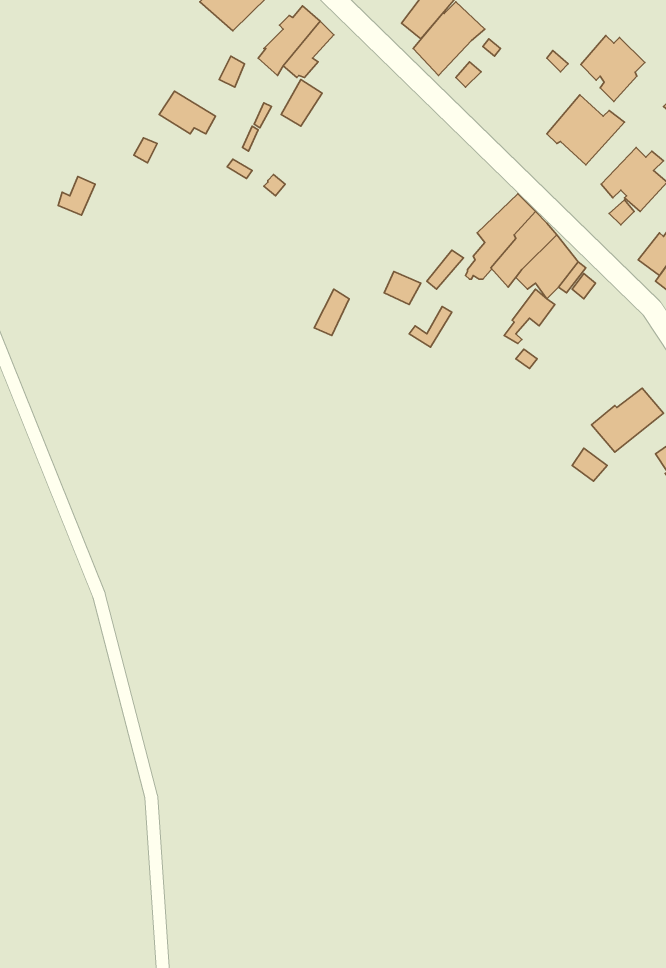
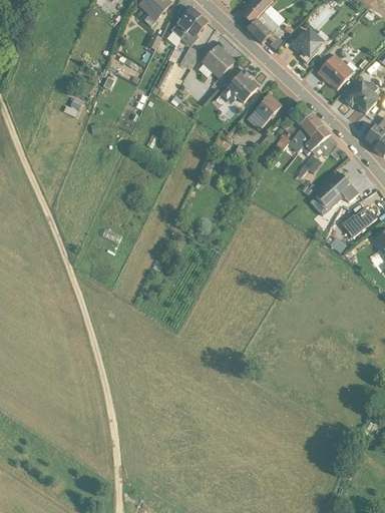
building: [581,35,645,101] -> [289,29,322,63]
building: none -> [198,46,234,78]
building: none -> [221,69,257,102]
building: none -> [247,93,281,129]
building: none -> [315,173,358,210]

